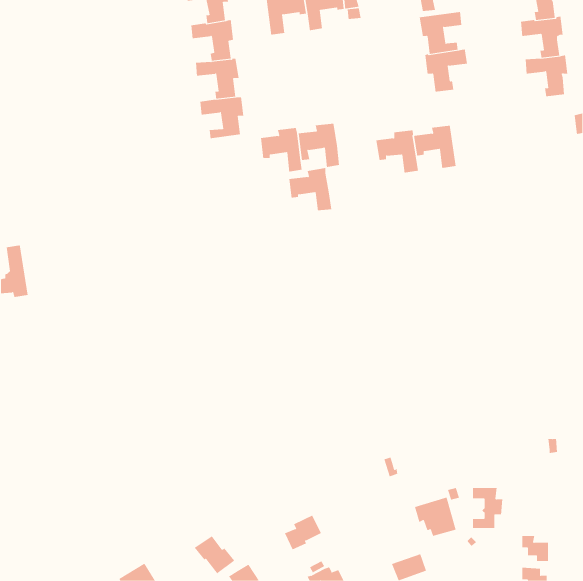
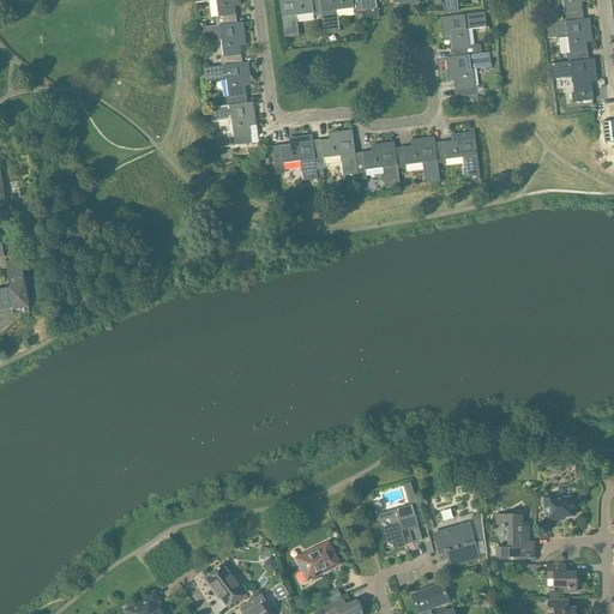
building: [289,167,332,211] -> [355,142,401,187]
building: none -> [544,494,574,522]
building: none -> [378,504,422,546]

